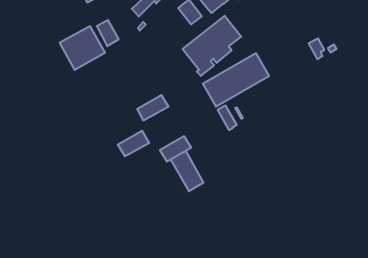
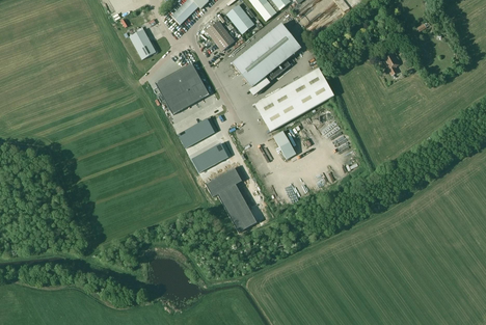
building: none -> [206,20,235,50]
building: [60,26,105,70] -> [155,62,209,114]
building: [118,131,149,156] -> [191,141,228,171]

